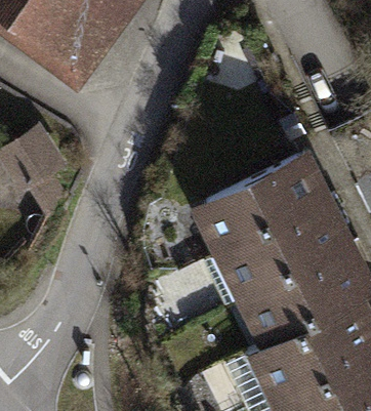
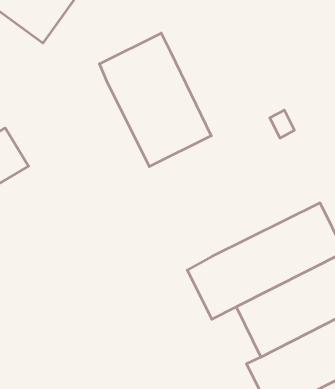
building: none -> [99,33,211,167]
building: [206,154,329,248] -> none

